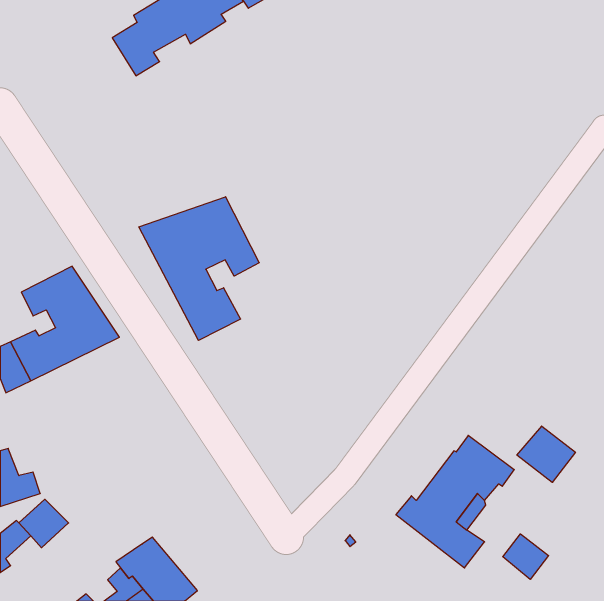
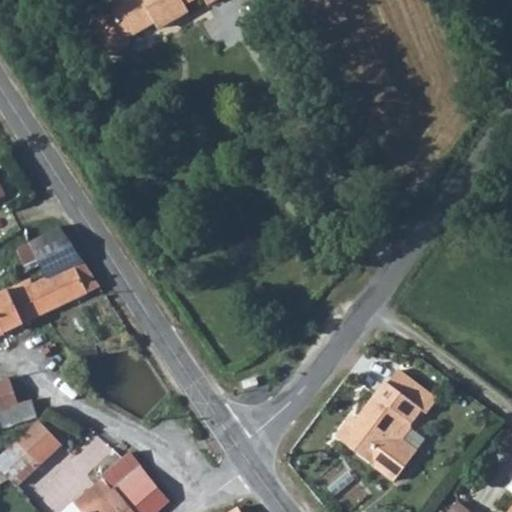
building: [139,197,259,340] -> none
building: [517,426,575,482] -> none
building: [503,534,549,579] -> none

